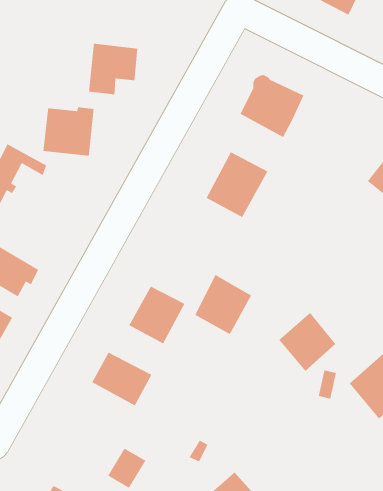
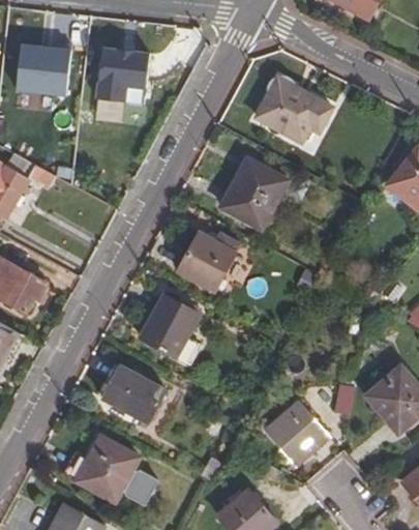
building: [42,106,95,157] -> [18,41,71,93]
building: [194,274,252,335] -> [176,230,236,293]
building: [278,312,336,372] -> [269,399,329,461]
building: none -> [73,435,136,499]

